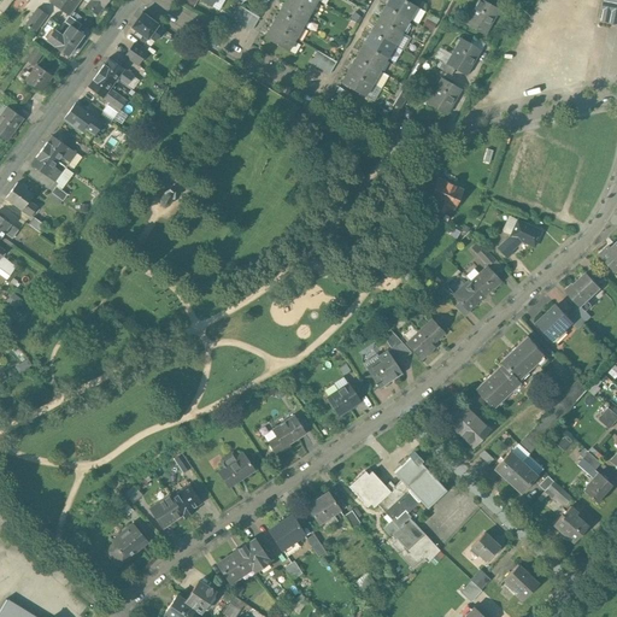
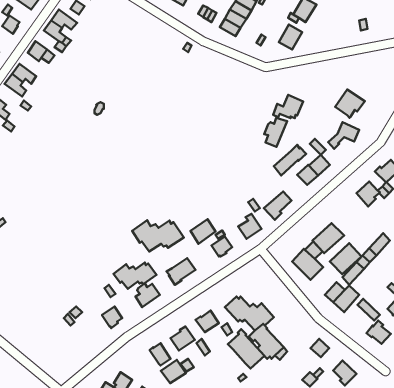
building: none -> [335,90,365,118]
building: none -> [264,118,287,147]
building: none -> [274,145,306,175]
building: [500,336,546,381] -> [330,243,362,274]
building: none -> [190,219,216,244]
building: none -> [132,220,184,252]
building: none -> [114,263,156,289]
building: [394,452,447,509] -> [228,329,265,368]
building: [149,495,182,528] -> none
building: [106,524,147,568] -> none
building: [217,550,253,583] -> [161,360,186,383]

